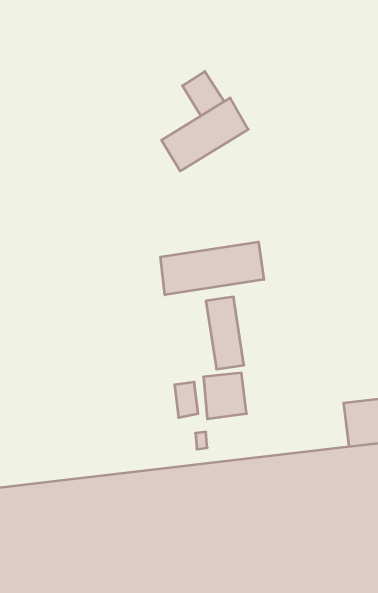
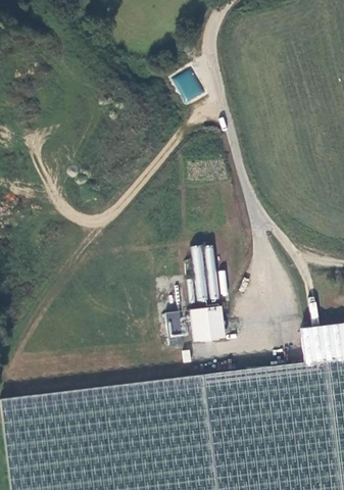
building: [162,98,248,171] -> none
building: [161,242,264,295] -> none

